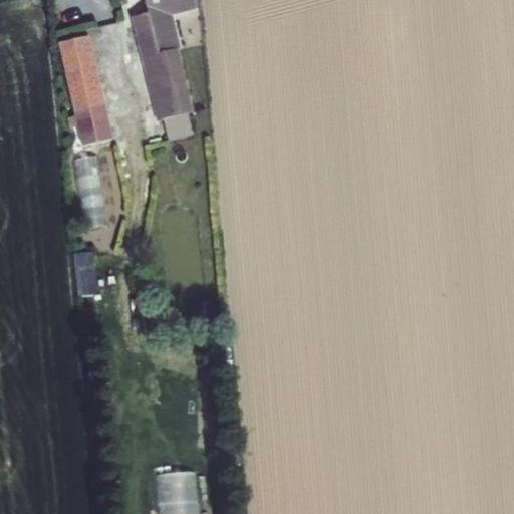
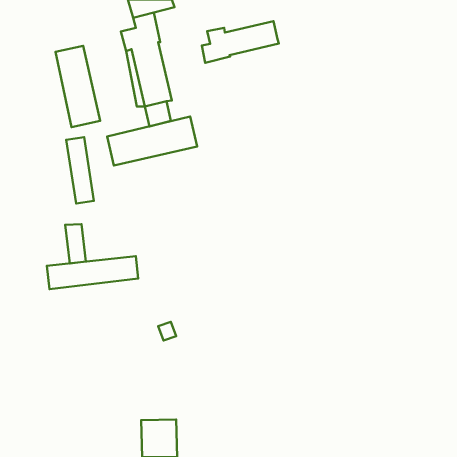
building: none -> [202,21,279,63]
building: none -> [107,117,197,166]
building: none -> [47,256,138,289]

